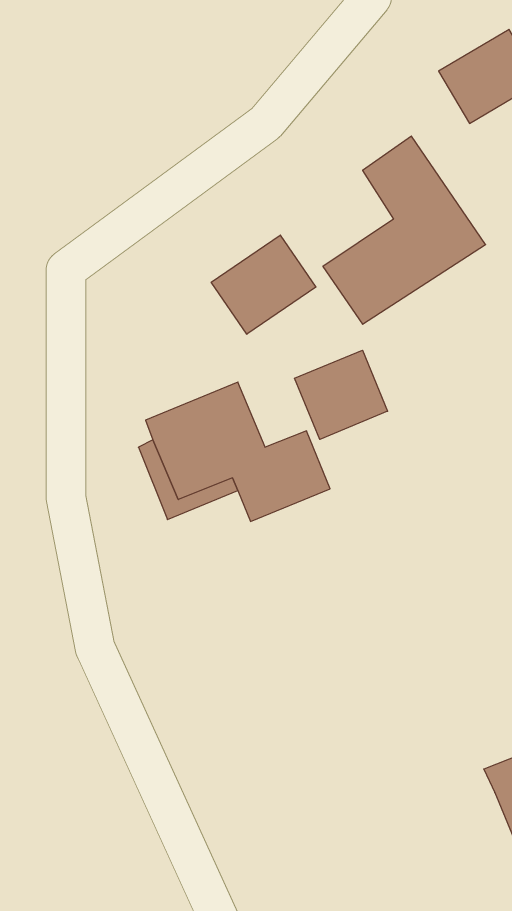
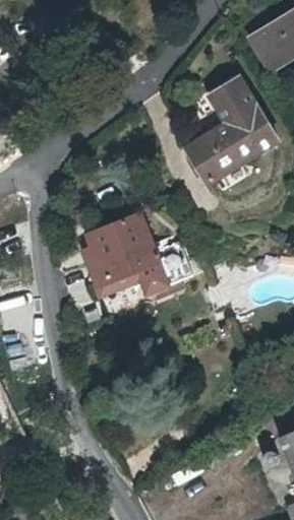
building: [211,235,316,334] -> none
building: [295,350,388,439] -> none

